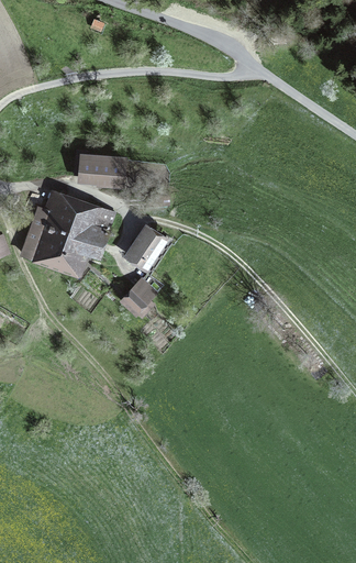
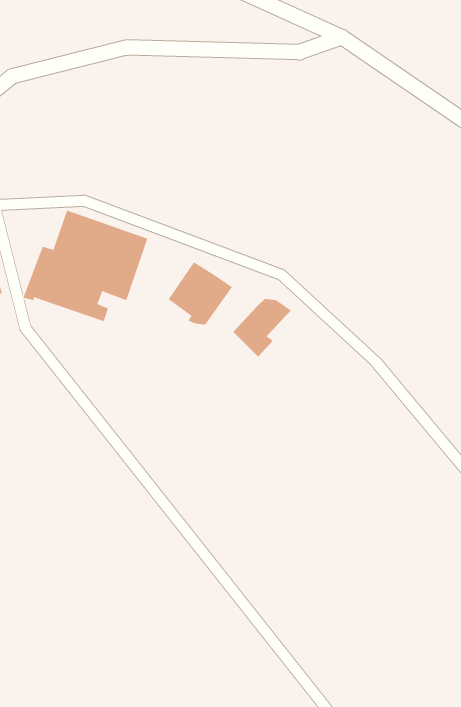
building: [74,152,122,180] -> none
building: [122,274,165,317] -> [233,298,292,357]

